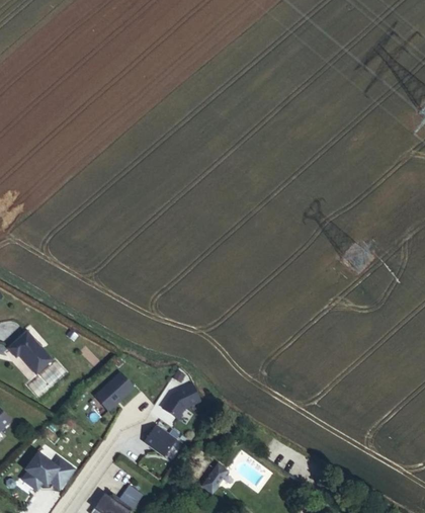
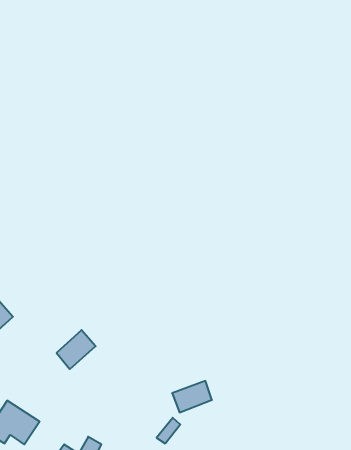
building: [161,384,203,418] -> [172,381,212,412]
building: [144,423,180,458] -> none

